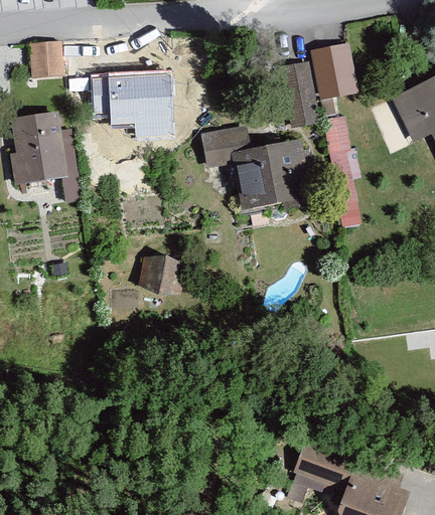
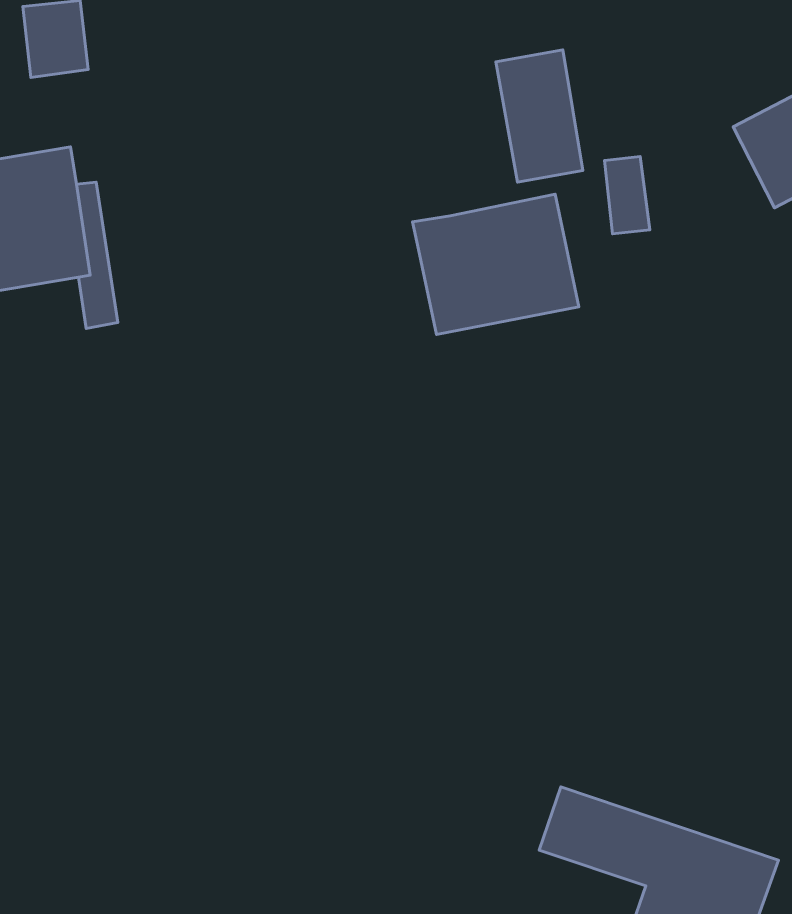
building: [308,42,358,102] -> none
building: [89,70,175,140] -> none
building: [200,127,250,168] -> none
building: [147,250,187,292] -> none

